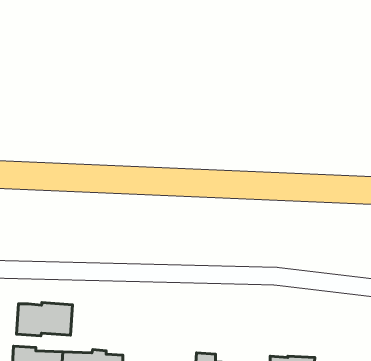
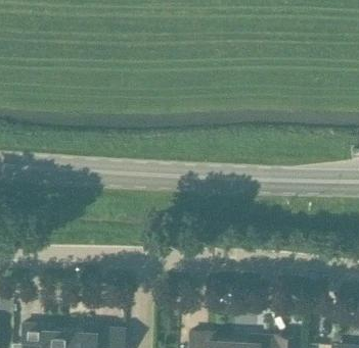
building: [17,302,72,336] -> none

